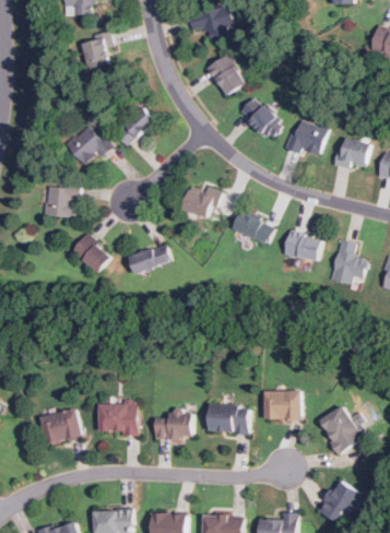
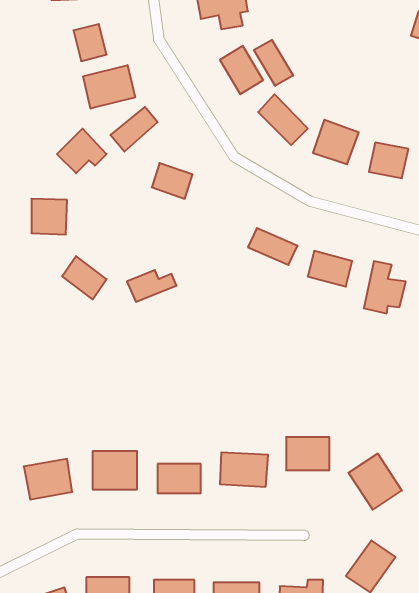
building: none -> [254,40,293,86]
building: none -> [83,65,135,109]
building: [181,188,216,218] -> [152,163,193,199]

